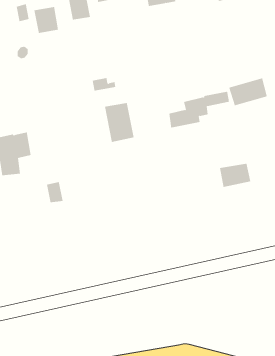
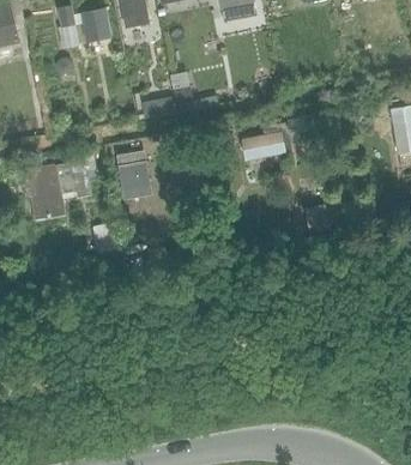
building: [229,78,268,106] -> none
building: [104,102,134,142] -> [114,152,151,201]

